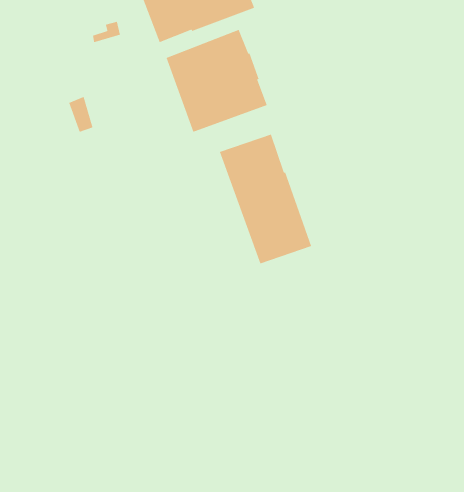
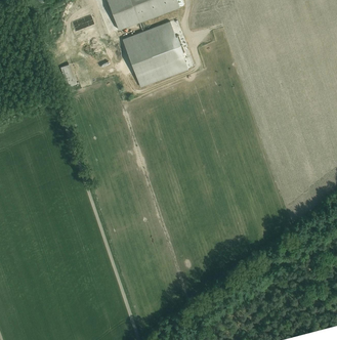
building: [219,133,312,264] -> none

